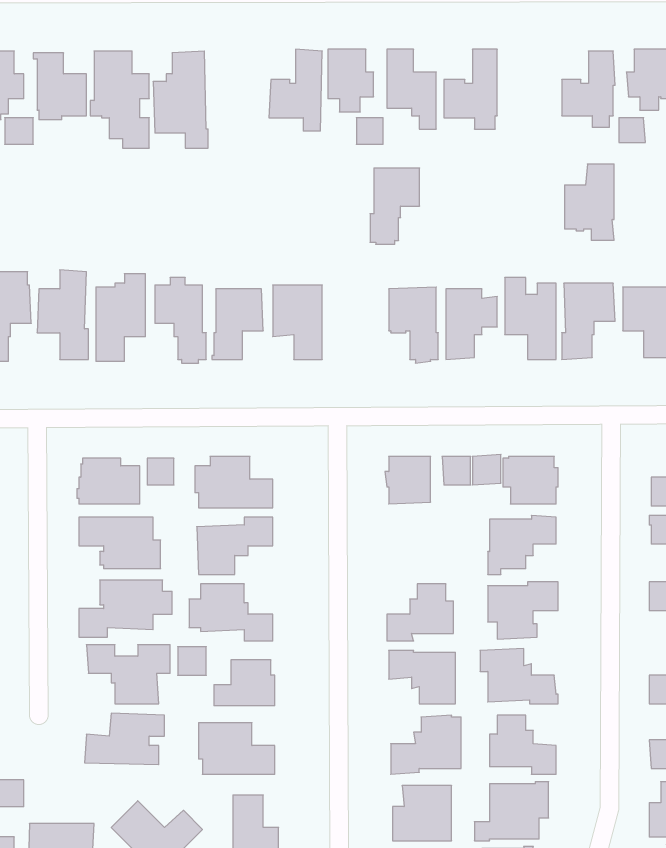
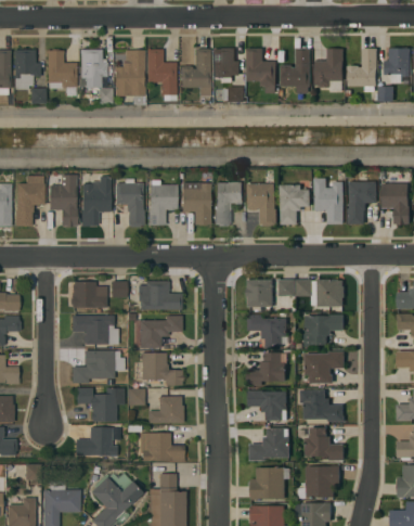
building: none -> [146,49,176,94]
building: [565,164,614,240] -> [314,49,342,92]
building: [370,168,420,244] -> [215,182,243,226]
building: none -> [246,315,286,347]

